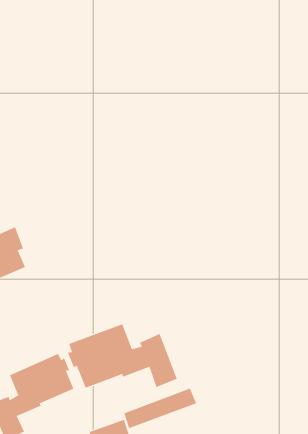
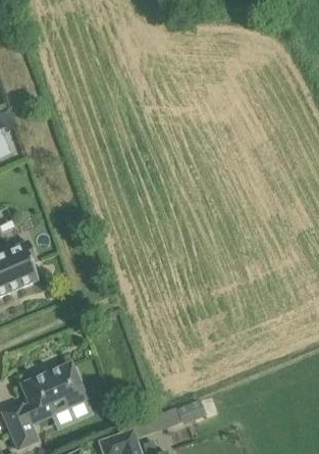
building: [67,323,178,389] -> none

